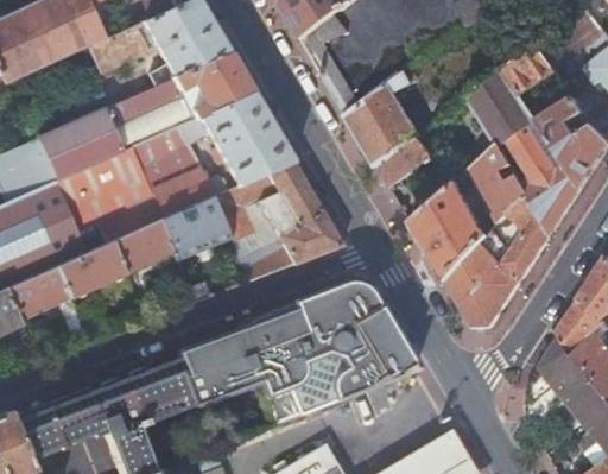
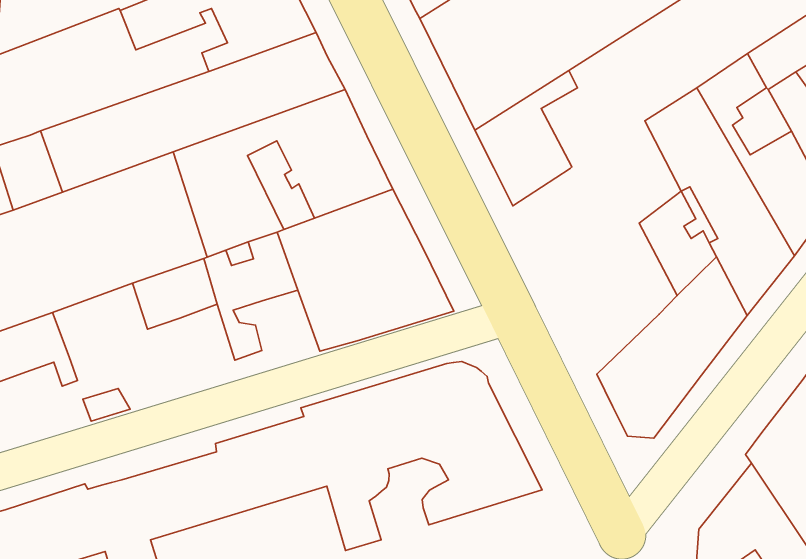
building: [379,138,432,188] -> none
building: [411,184,489,284] -> none
building: [55,242,124,298] -> none
building: [291,353,347,413] -> none

